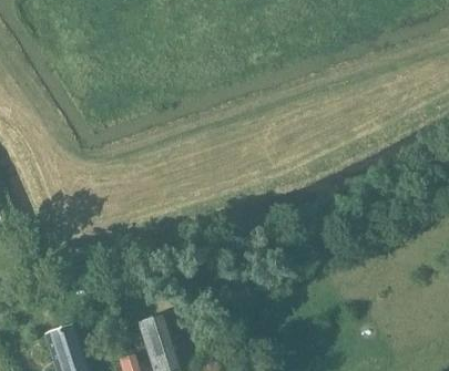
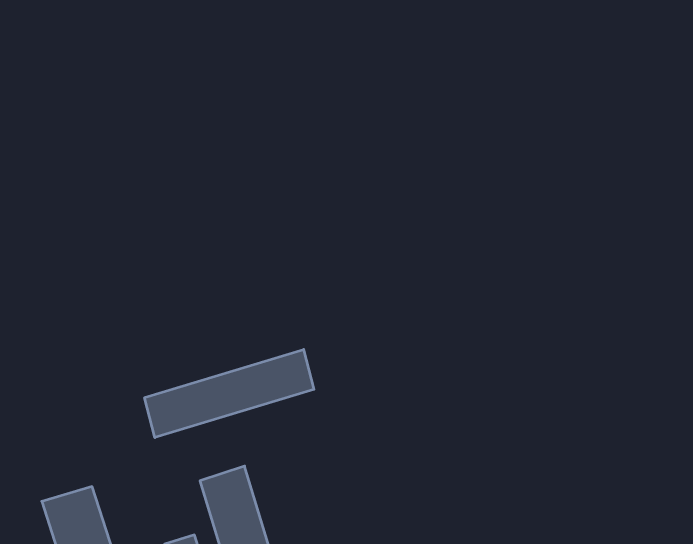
building: none -> [145,349,314,438]

